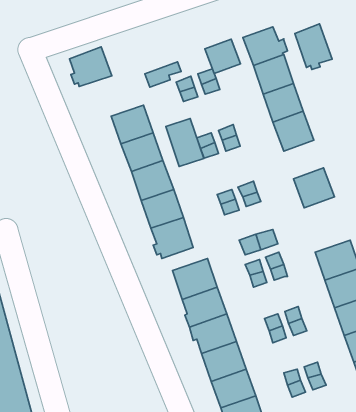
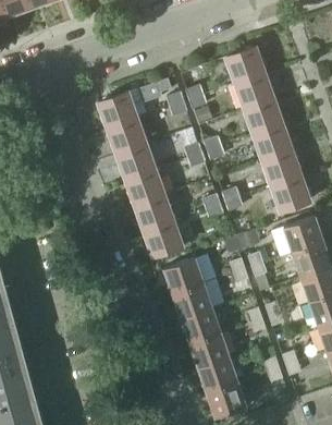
building: [295,24,332,69] -> none
building: [205,39,240,73] -> none
building: [70,47,112,87] -> [99,93,137,129]
building: [166,118,204,166] -> none
building: none -> [263,150,299,185]
building: none -> [283,216,323,252]

